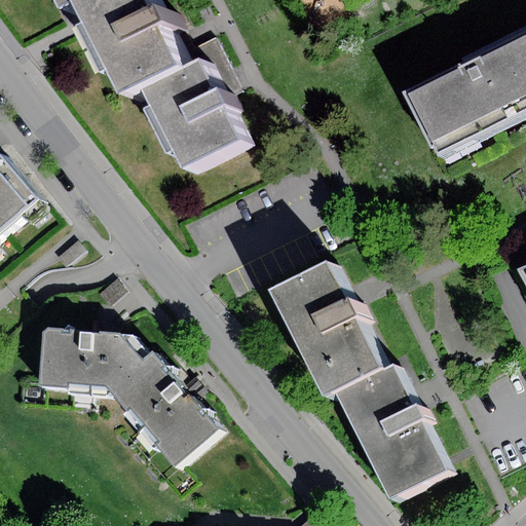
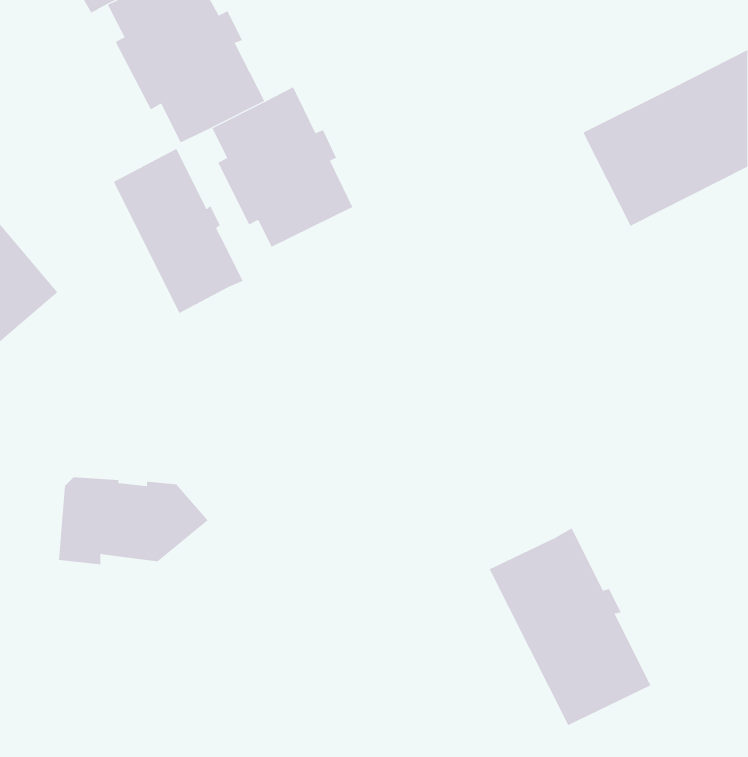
building: none -> [113,148,244,314]
building: [270,263,382,400] -> none
building: [109,349,218,466] -> none

